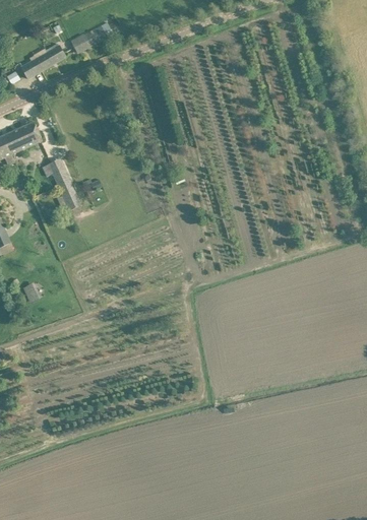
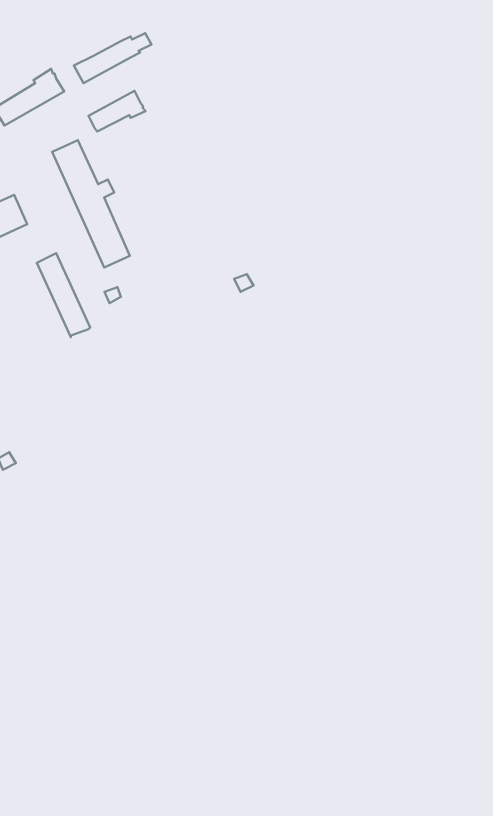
building: none -> [88,91,145,131]
building: none -> [52,140,130,268]

